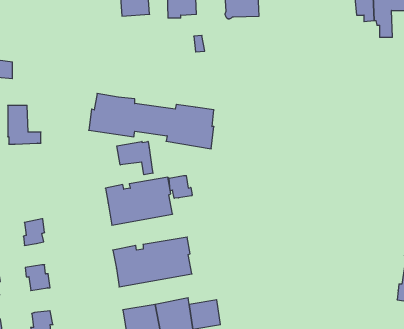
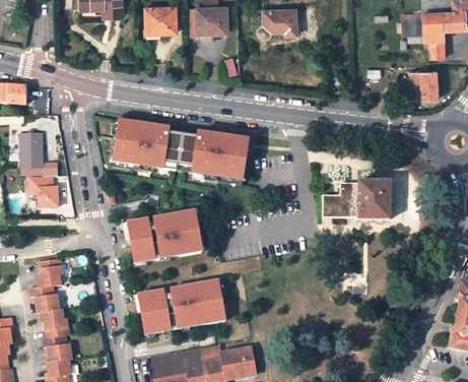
building: none -> [410,70,438,101]
building: [117,141,153,175] -> none
building: none -> [28,175,58,205]
building: none -> [322,181,390,219]
building: [169,176,192,198] -> none
building: none -> [30,285,58,312]
building: none -> [43,334,70,362]

